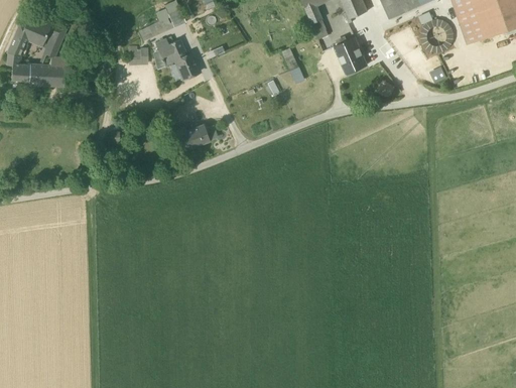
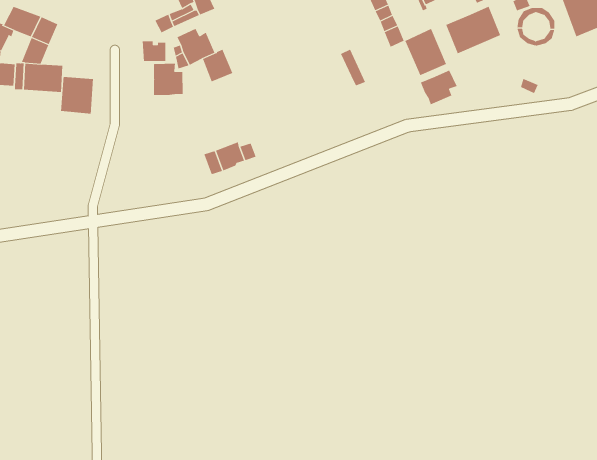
building: none -> [445,6,501,54]
building: none -> [153,62,183,96]
building: none -> [420,69,457,105]
building: none -> [60,76,94,115]

